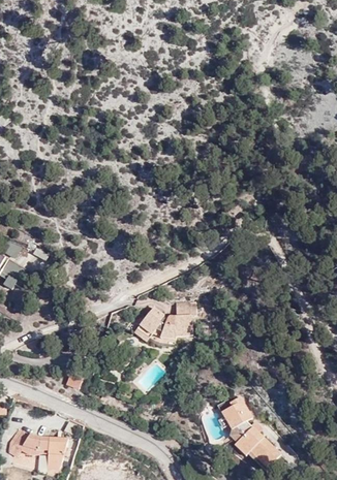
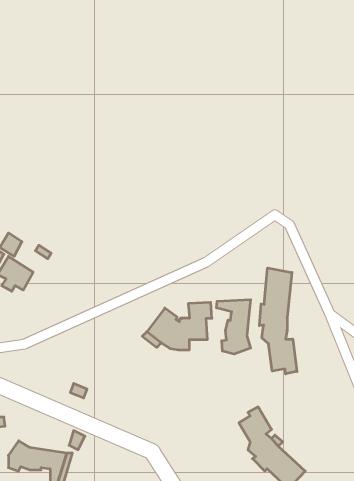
building: none -> [259,268,297,374]
building: none -> [217,300,251,354]

